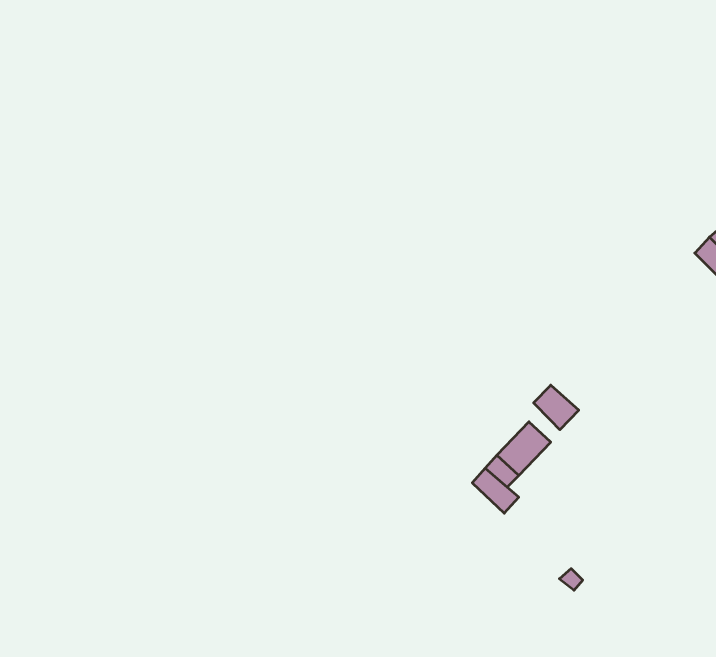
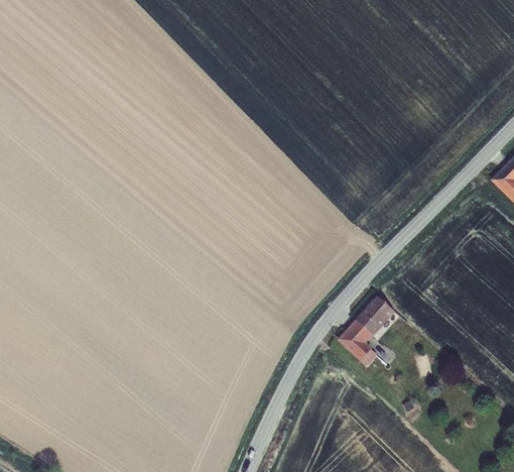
building: [534,385,579,430] -> none

